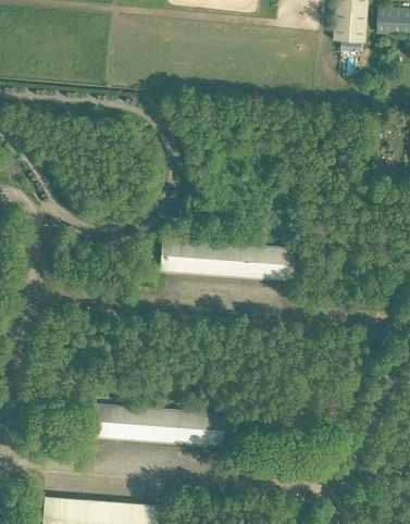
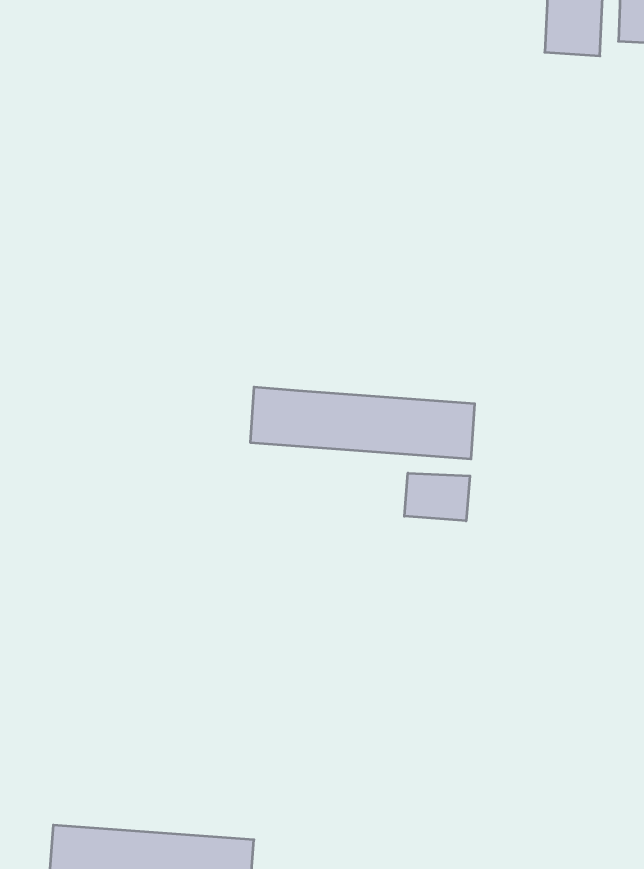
building: none -> [404,473,470,521]
building: [89,403,222,445] -> none

